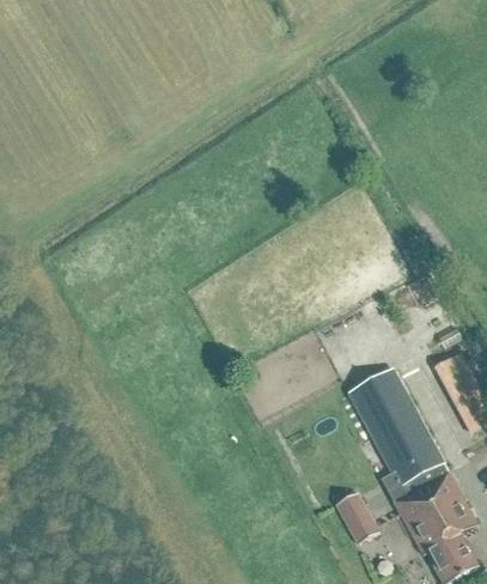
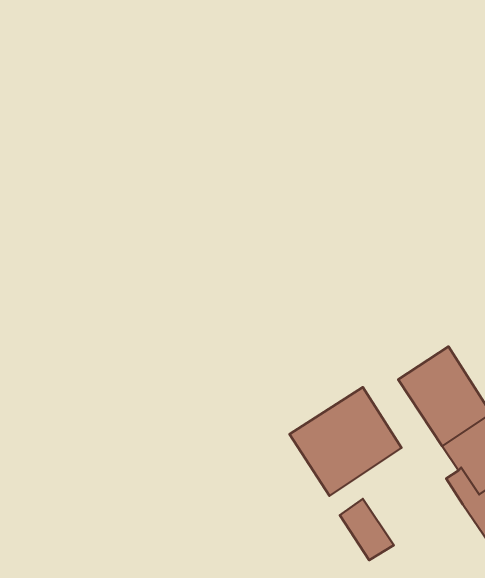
building: none -> [289,387,401,496]
building: [339,492,382,543] -> [340,499,394,560]

